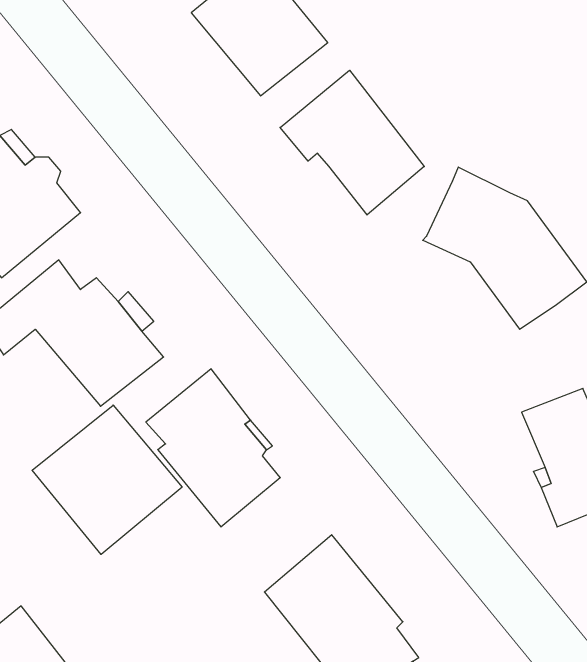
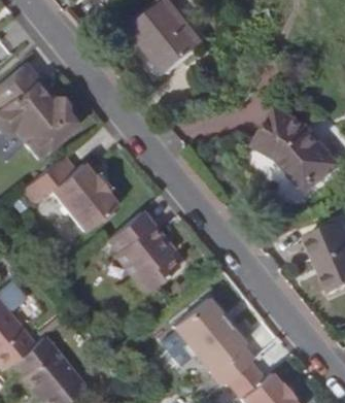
building: [280,70,424,215] -> none
building: [32,405,182,554] -> none

